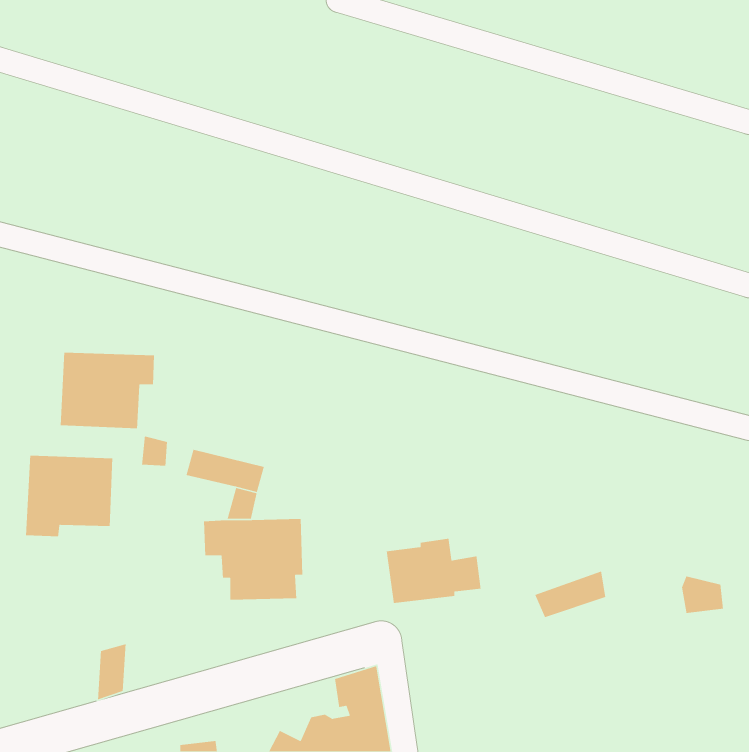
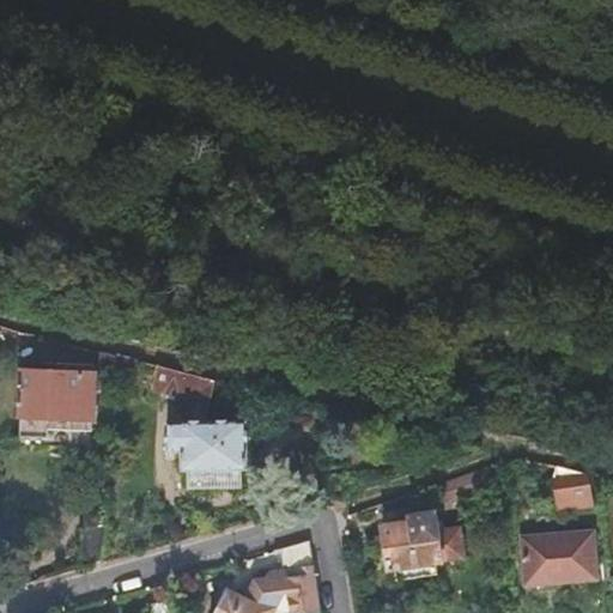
building: [60,352,155,429] -> none
building: [386,538,482,604] -> [381,514,459,568]
building: none -> [523,532,596,584]

